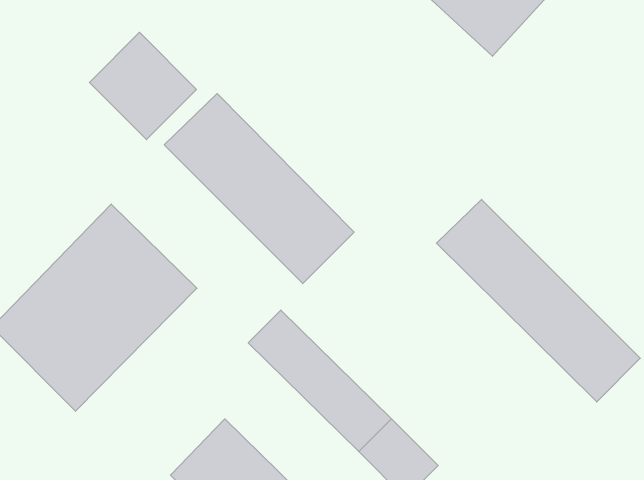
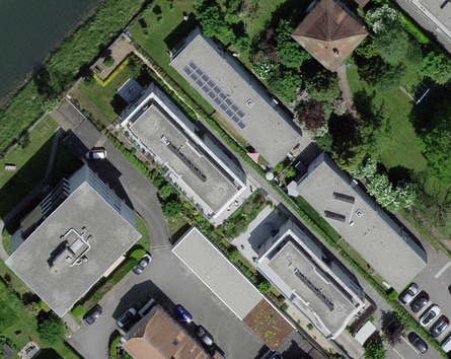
building: none -> [171,34,303,167]
building: [89,32,196,140] -> none
building: none -> [256,228,361,333]

